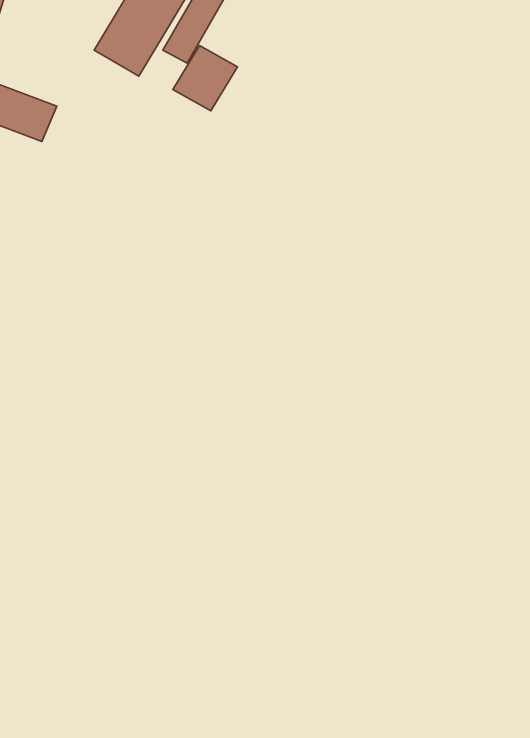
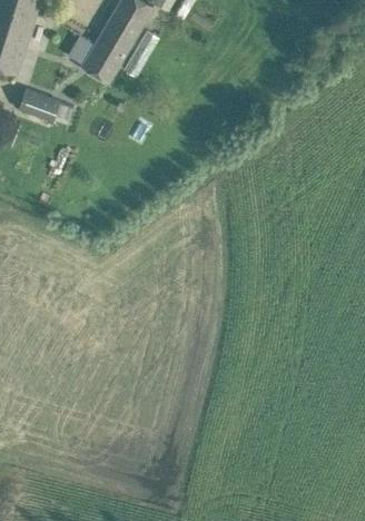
building: [173,45,237,111] -> none

